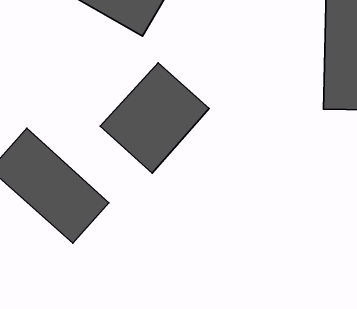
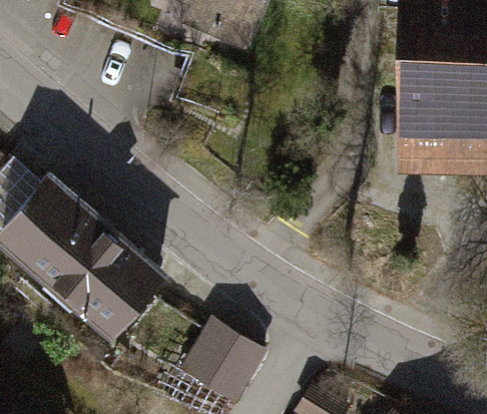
building: [100,63,209,173] -> none
building: none -> [176,315,262,399]

